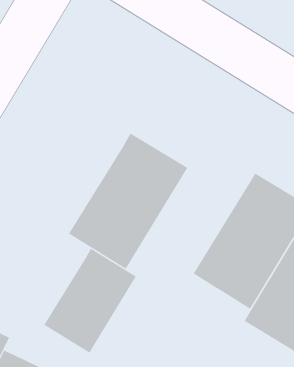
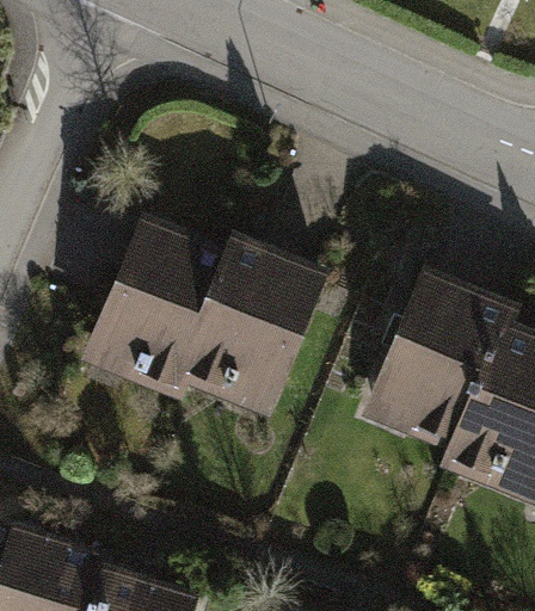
building: none -> [74,210,233,407]
building: [43,248,137,353] -> none

